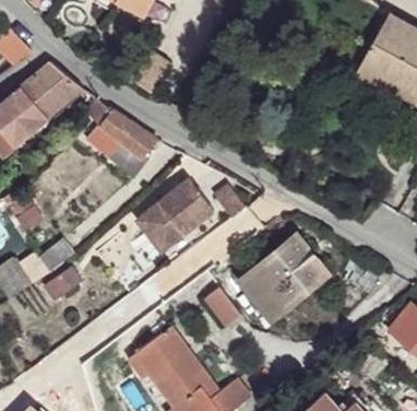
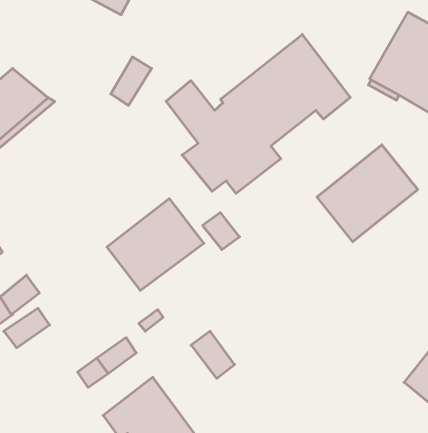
building: none -> [166,34,350,193]
building: [83,98,157,179] -> none
building: [240,235,326,318] -> [317,145,418,242]

